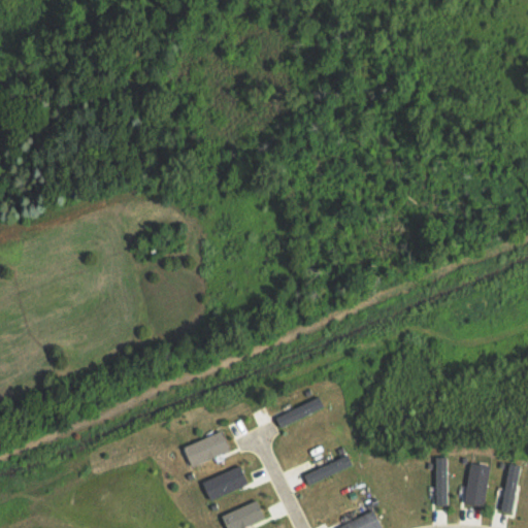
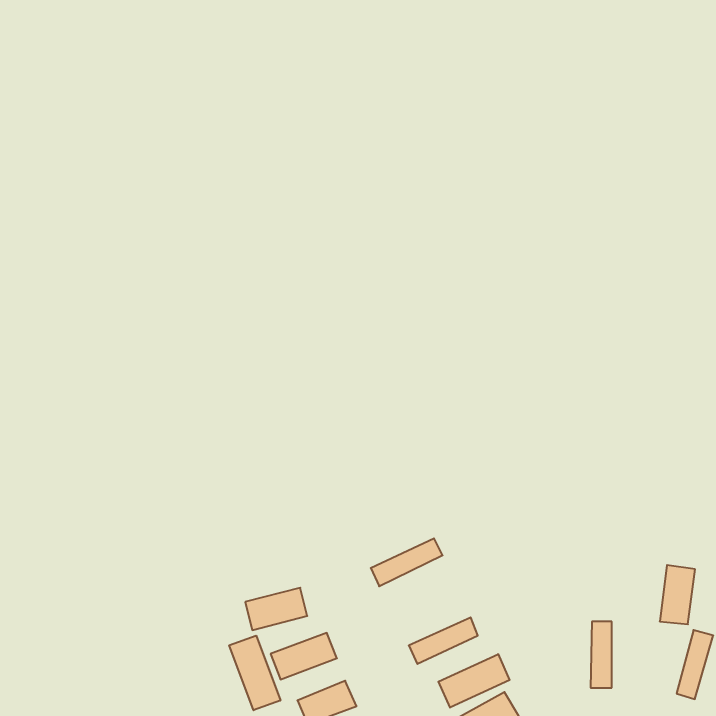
building: [465,464,491,507] -> [660,565,695,624]
building: none -> [229,636,280,710]
building: none -> [438,654,510,708]

